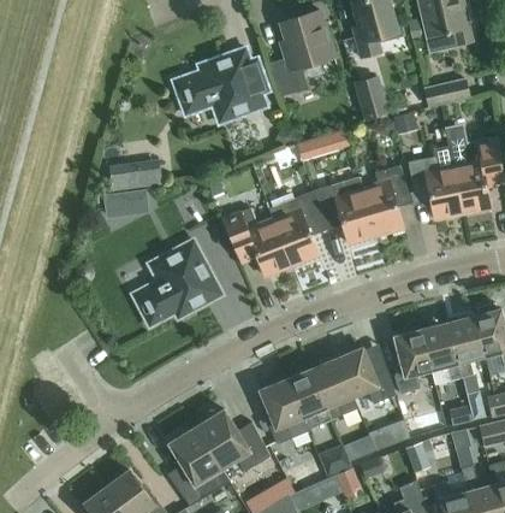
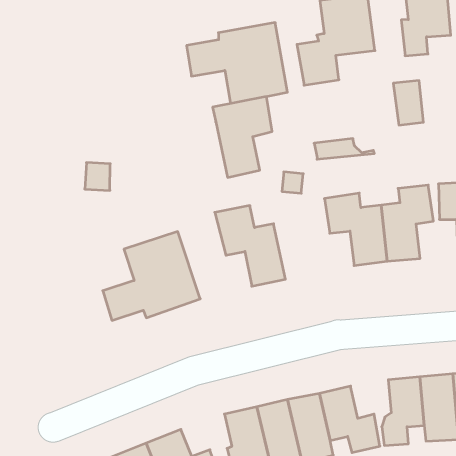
building: [111,163,161,191] -> none
building: [268,191,322,266] -> [213,97,272,177]

